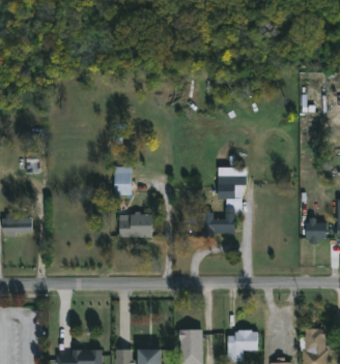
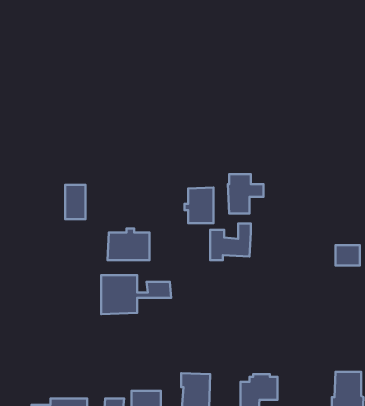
building: [114,166,131,194] -> [65,185,85,219]
building: none -> [185,187,214,223]
building: none -> [101,275,171,314]

